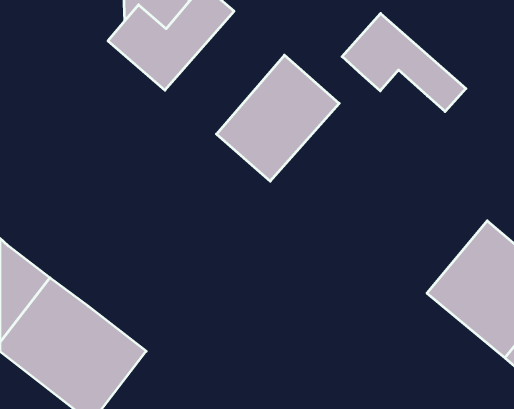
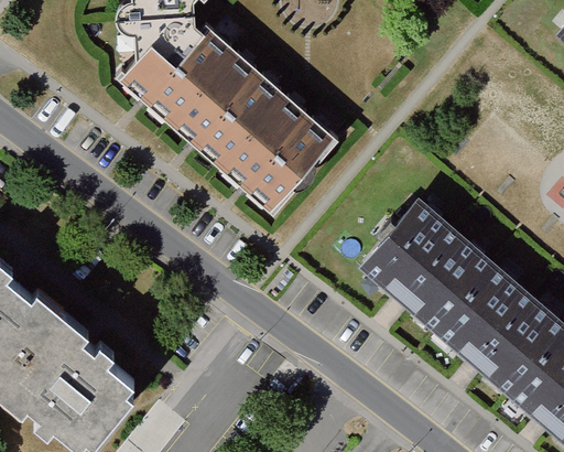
building: none -> [167,47,288,171]
building: [342,13,466,112] -> none
building: none -> [349,190,491,331]

